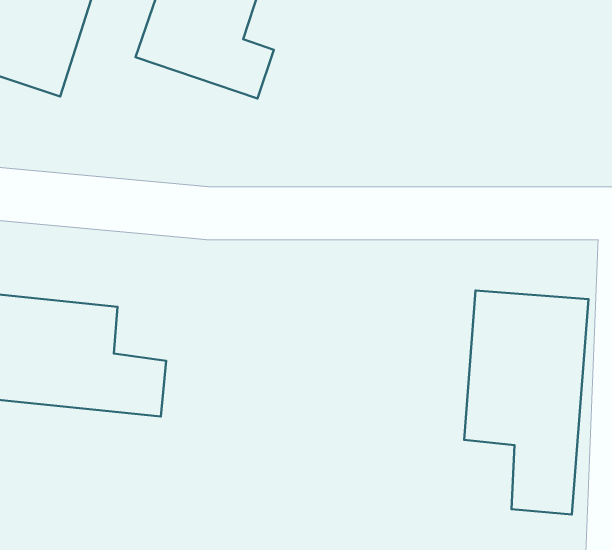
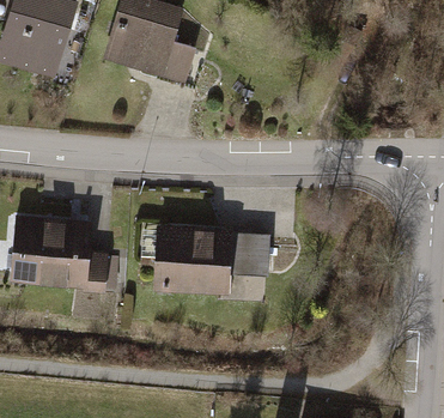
building: [464,291,589,514] -> none
building: none -> [147,225,274,296]

